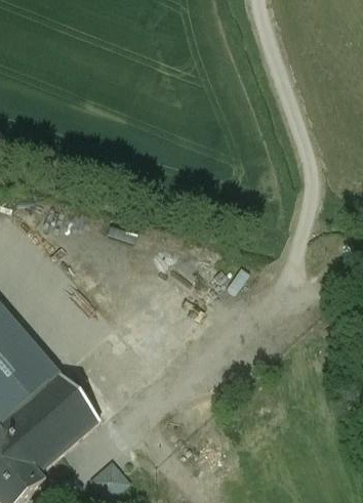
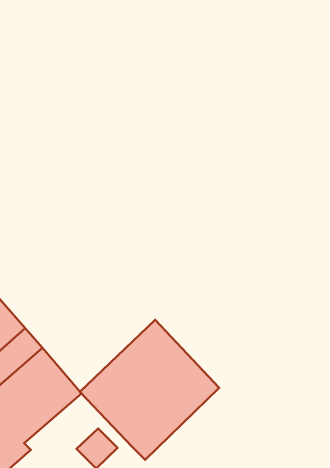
building: none -> [80,320,219,460]

